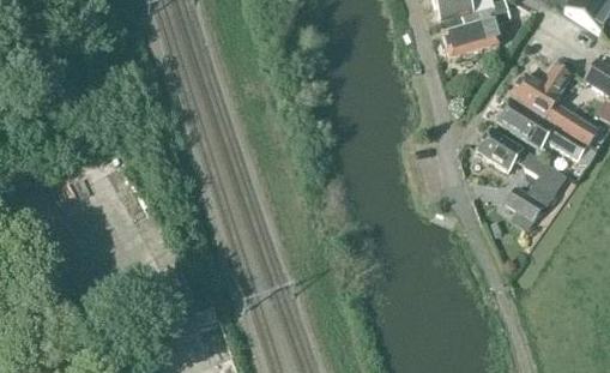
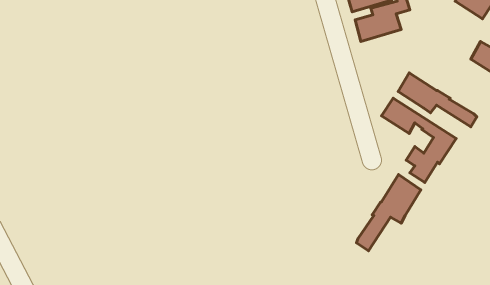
building: [511,64,599,146] -> none
building: none -> [357,174,421,251]

